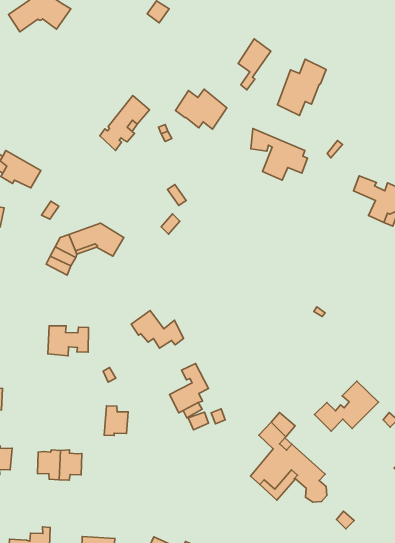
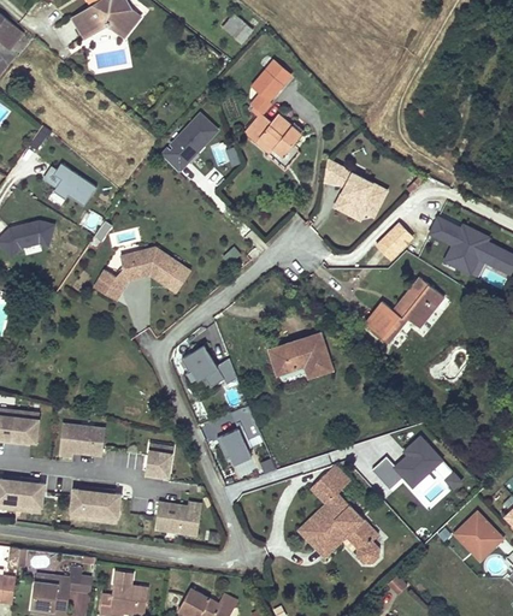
building: [238,39,271,90] -> [254,59,290,113]
building: [277,59,326,116] -> none
building: none -> [381,219,415,255]
building: none -> [365,278,444,343]
building: none -> [269,333,332,378]
building: [48,326,89,356] -> [59,425,105,458]
building: none -> [154,503,201,537]

